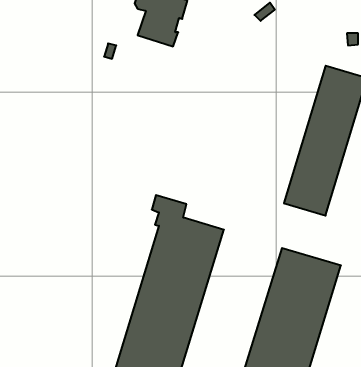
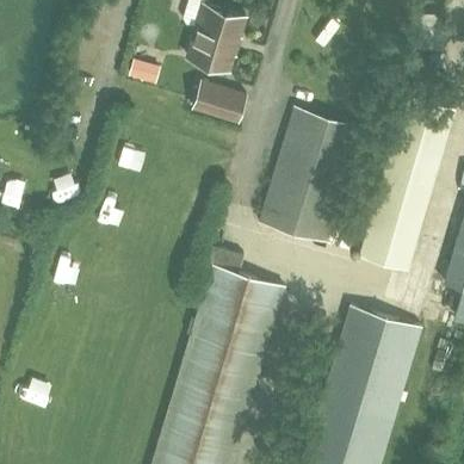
building: none -> [192,81,250,124]
building: none -> [258,109,360,245]

